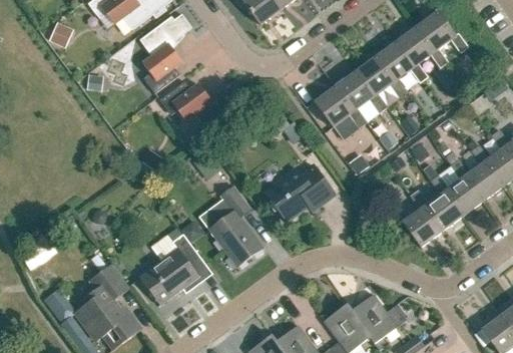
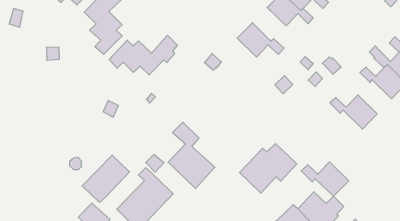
building: [335,69,387,120] -> none
building: [265,166,334,222] -> [239,144,297,193]
building: [430,172,483,216] -> none
building: [389,204,443,246] -> [301,162,349,196]
building: none -> [82,155,130,202]

